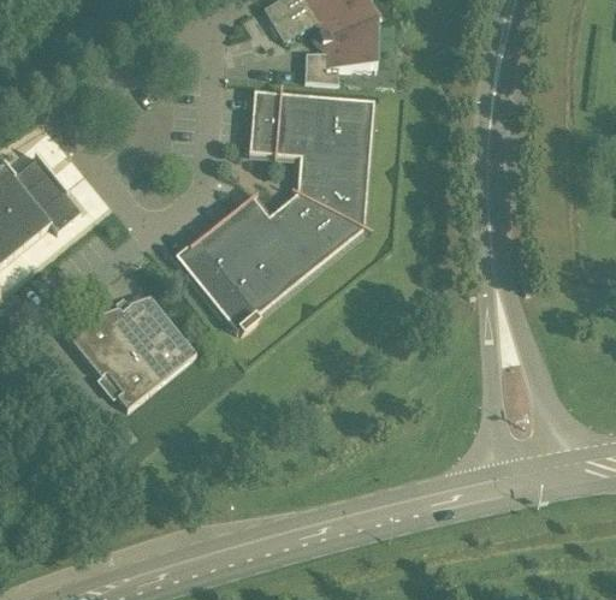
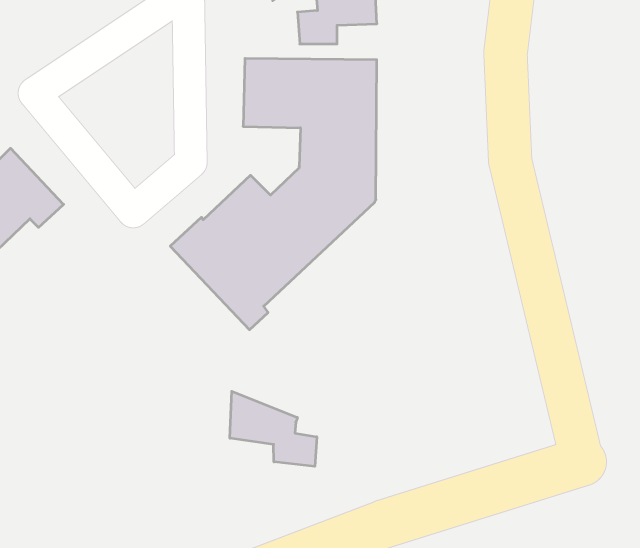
building: [60,295,195,408] -> none
building: none -> [230,391,317,466]

